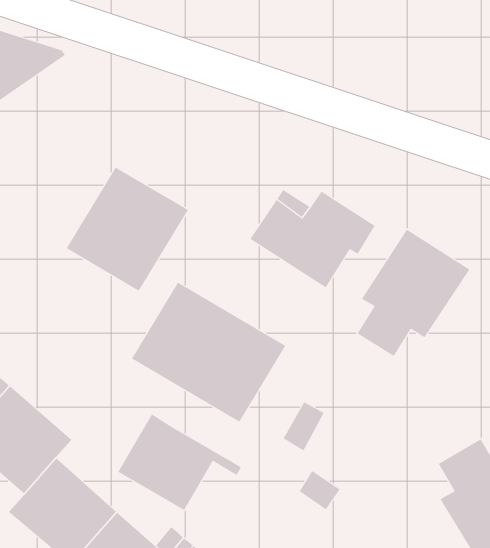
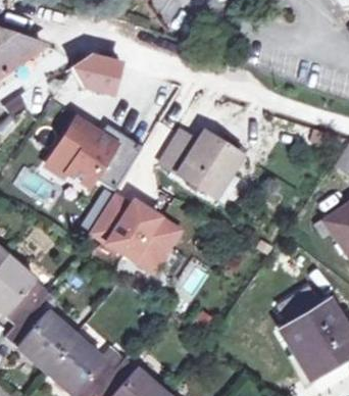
building: none -> [71,55,121,93]
building: [357,229,470,357] -> none
building: [117,414,242,511] -> none

